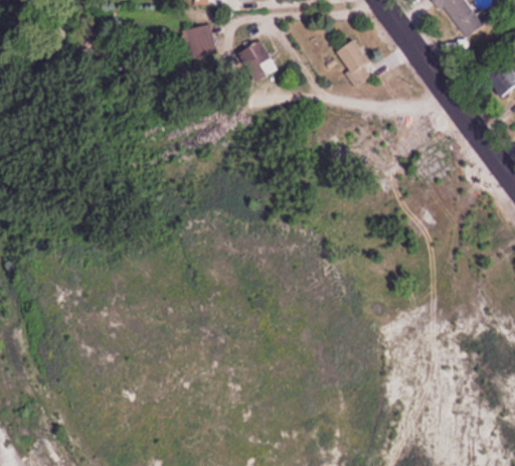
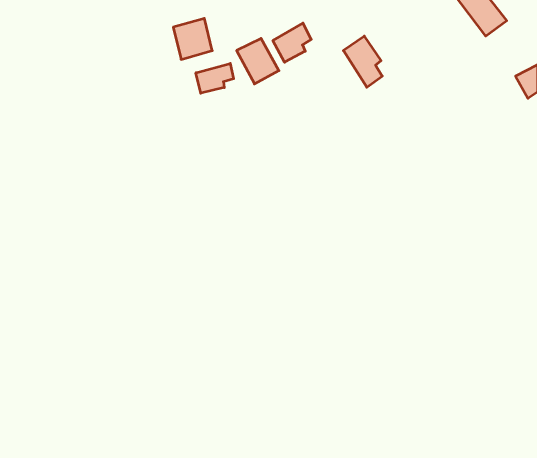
building: none -> [273,23,311,62]
building: none -> [196,63,234,93]

